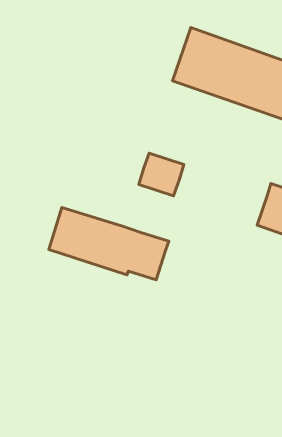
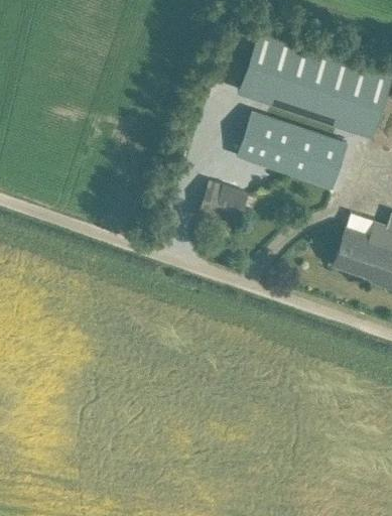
building: none -> [237,110,348,187]
building: [49,207,169,280] -> none

